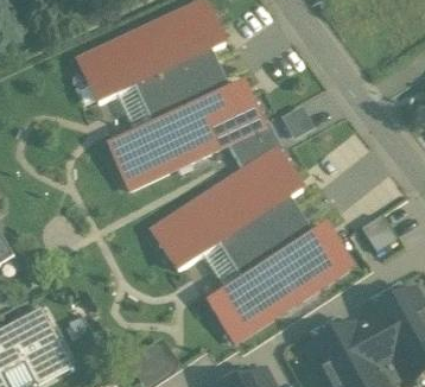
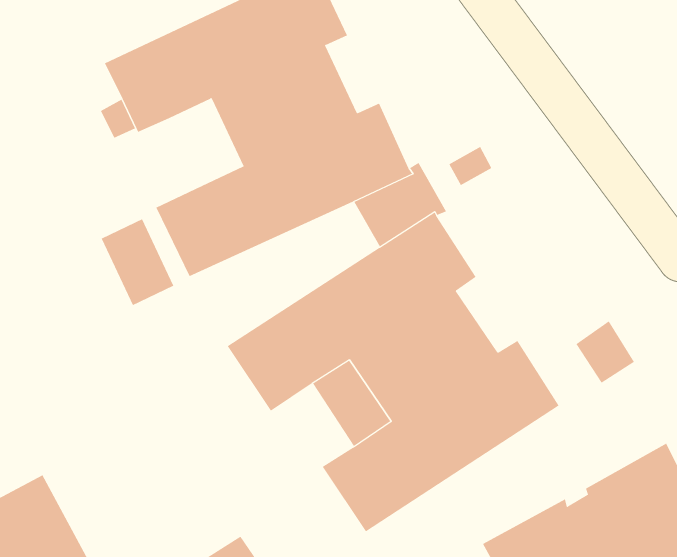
building: [118,80,161,132] -> [101,219,174,306]

